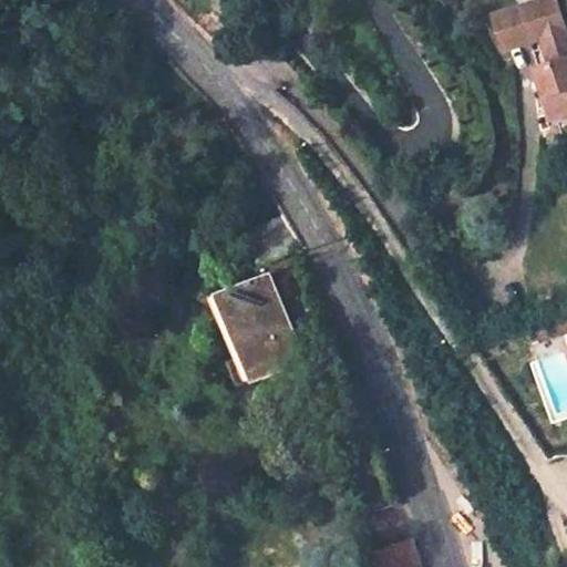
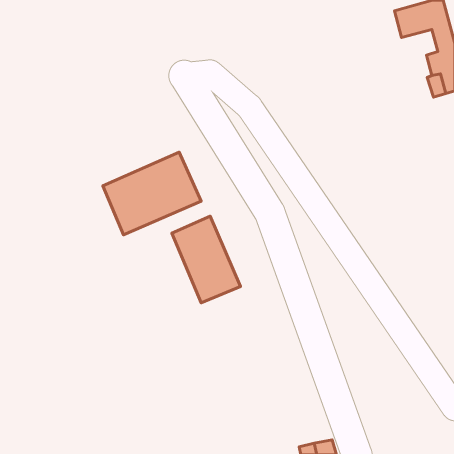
building: none -> [103,152,201,235]

